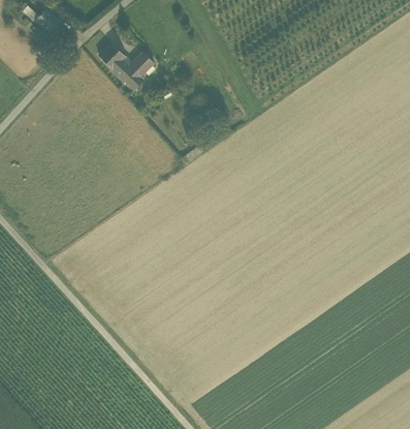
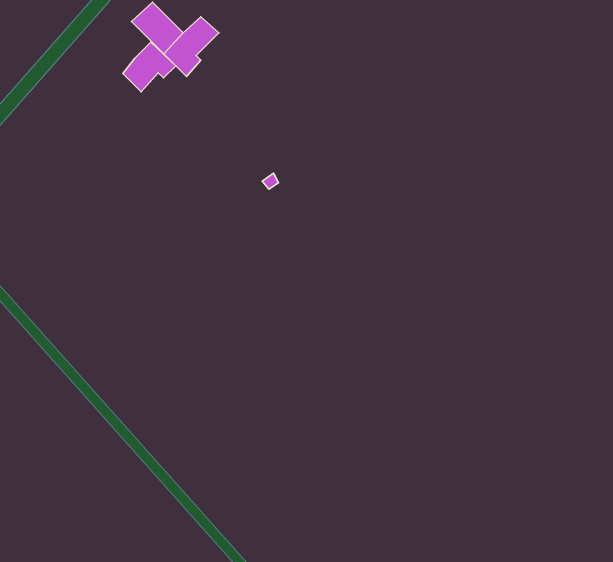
building: none -> [123,42,176,92]

